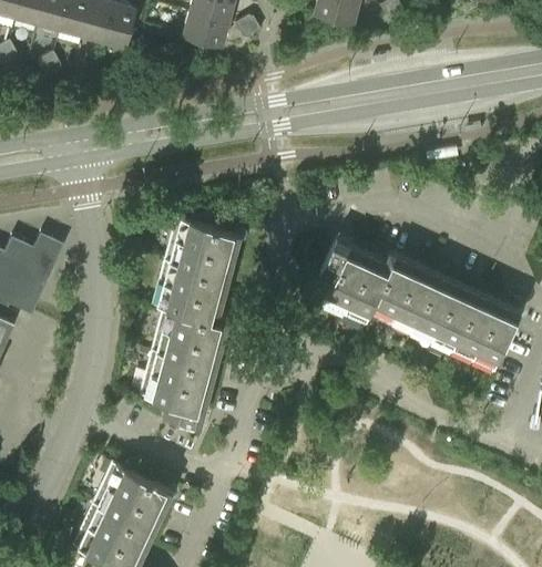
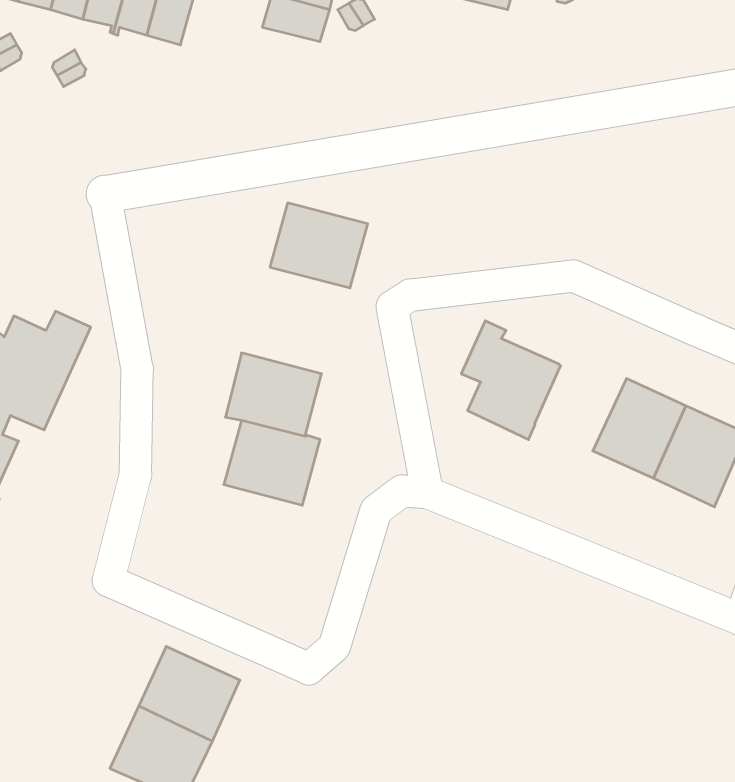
building: [168,218,236,277] -> [270,203,368,288]
building: [371,260,434,330] -> none
building: [145,353,211,426] -> none

